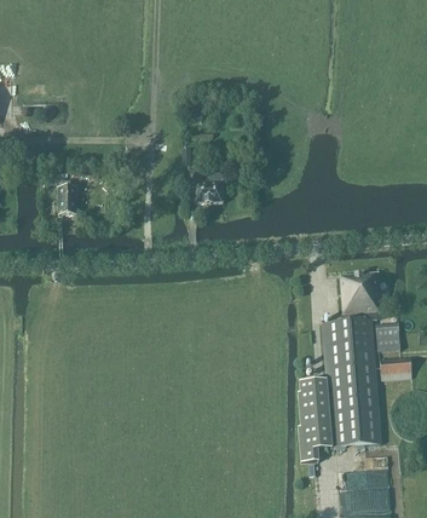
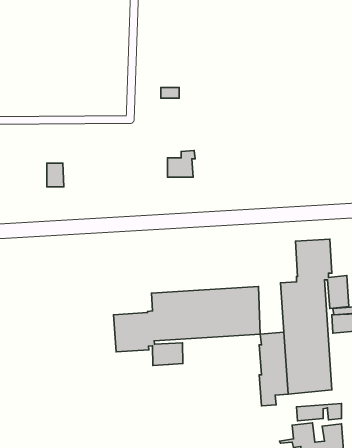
building: none -> [114,287,260,365]

